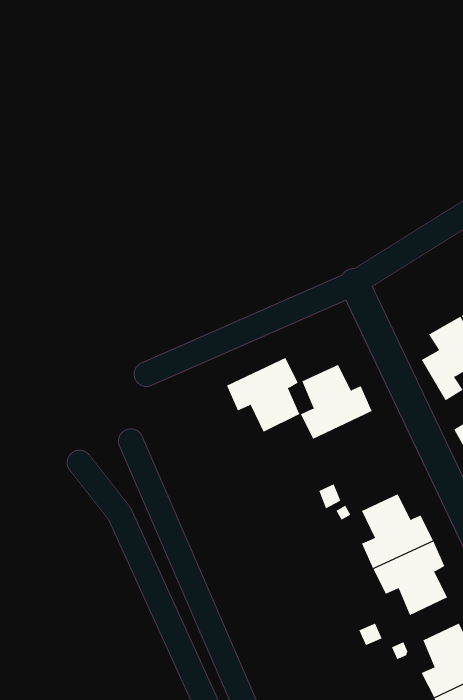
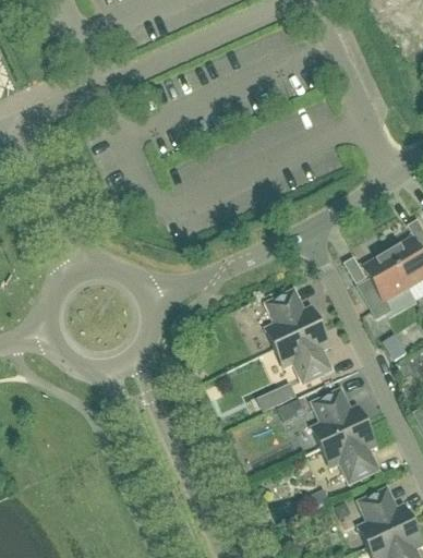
building: [226,357,300,432] -> [275,326,331,384]

